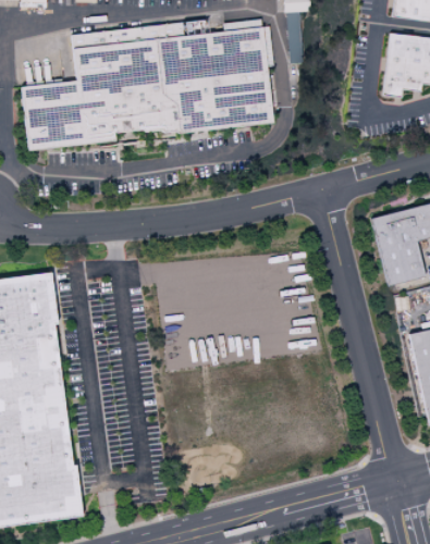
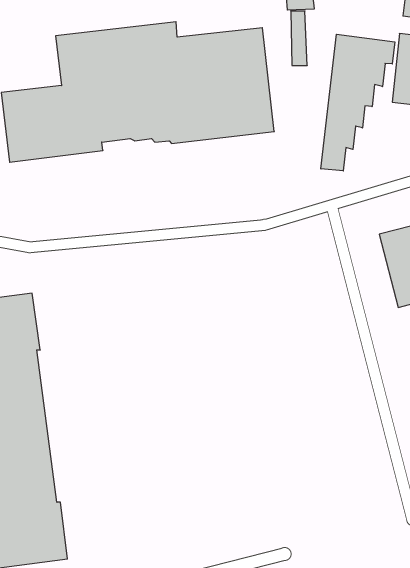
building: none -> [321,34,395,171]

